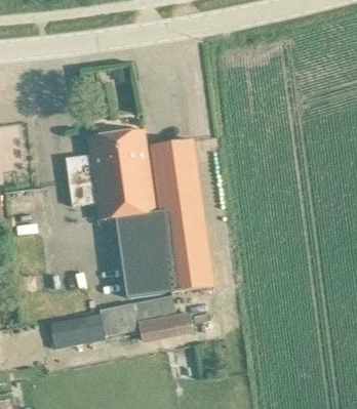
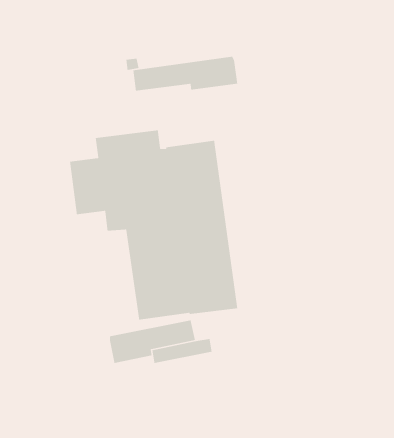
building: none -> [133,56,238,91]
building: [50,315,106,349] -> none

